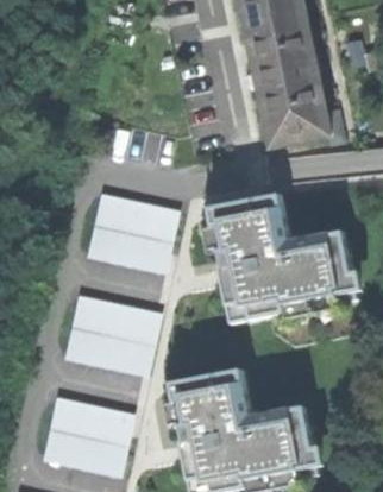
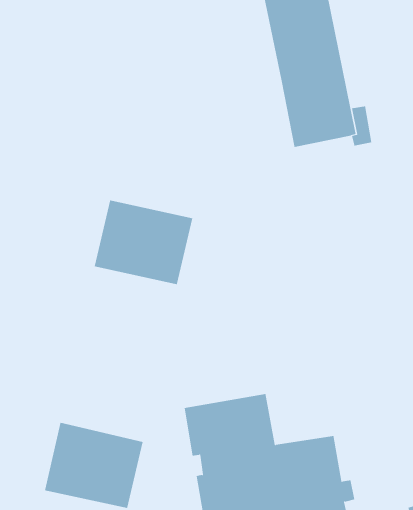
building: [208,193,364,322] -> none
building: [67,297,156,374] -> none

